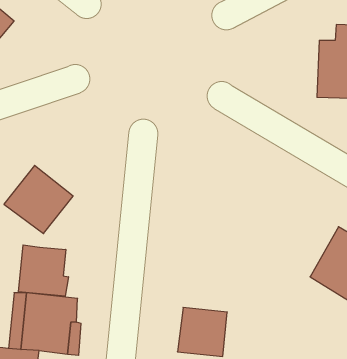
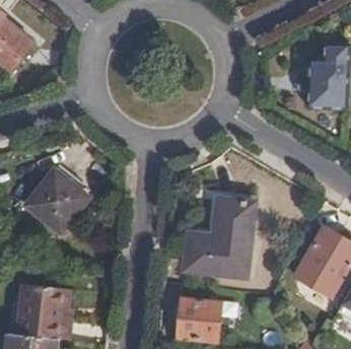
building: none -> [185,197,253,274]
building: [18,245,68,296] -> none

